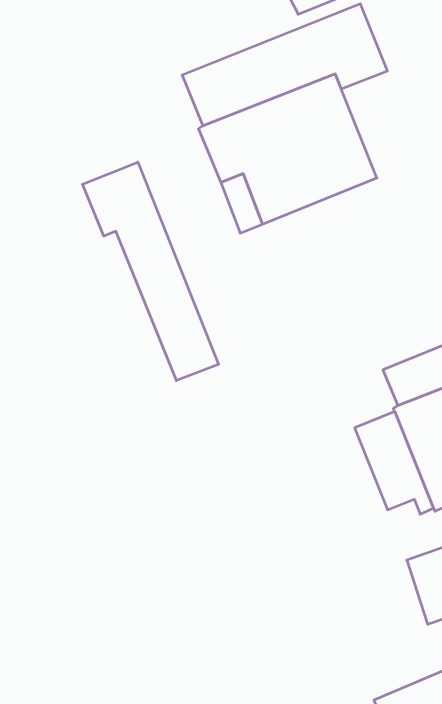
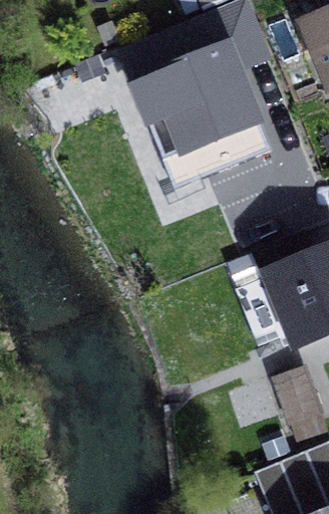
building: [82,162,219,381] -> none

